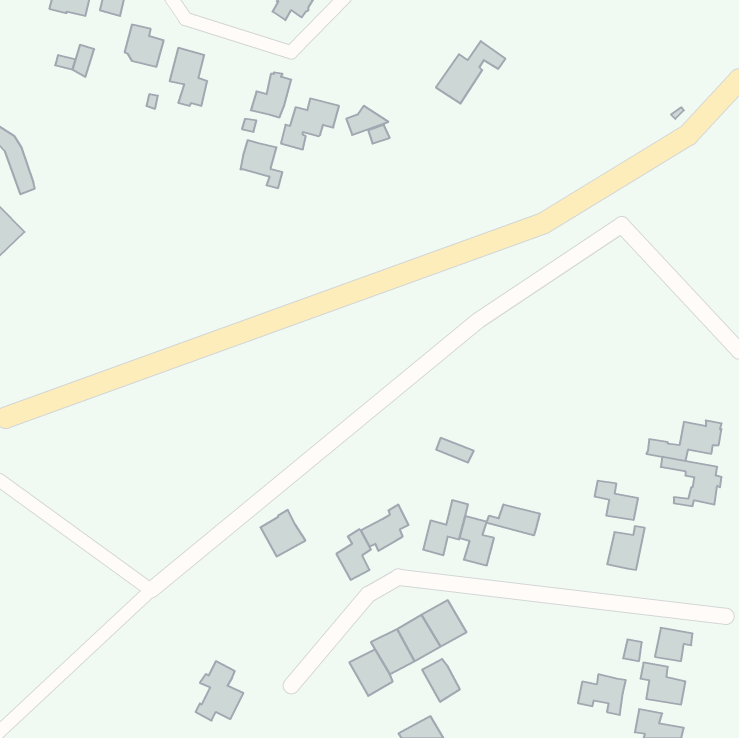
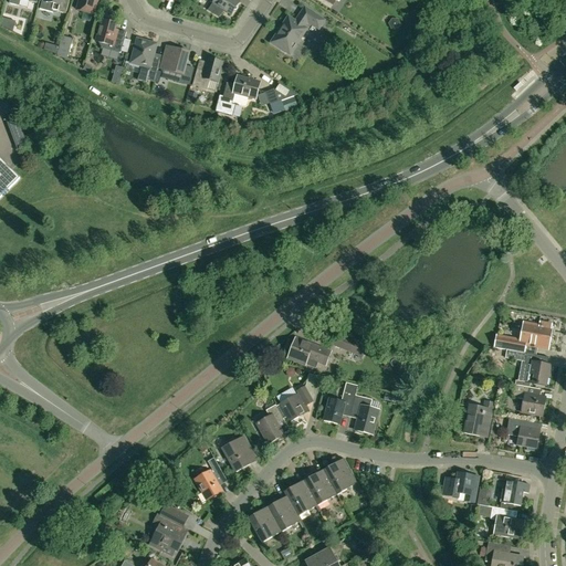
building: [436,41,505,104] -> [270,6,323,53]
building: [240,140,282,188] -> [160,45,192,82]
building: none -> [286,336,329,364]
building: [595,481,638,520] -> [512,384,545,413]
building: [487,504,540,535] -> none
building: [260,510,305,556] -> [222,434,256,470]
building: none -> [505,417,539,450]
building: none -> [193,457,222,499]
building: [422,659,460,702] -> none
building: none -> [248,505,281,541]
building: [578,674,626,715] -> [441,471,478,502]

